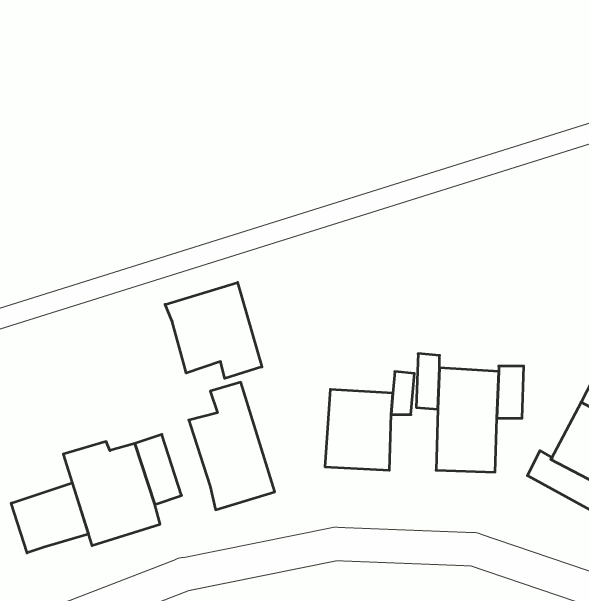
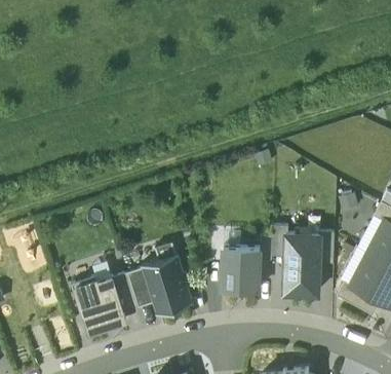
building: [165,282,262,378] -> none
building: none -> [127,266,155,306]
building: [11,483,88,553] -> none

